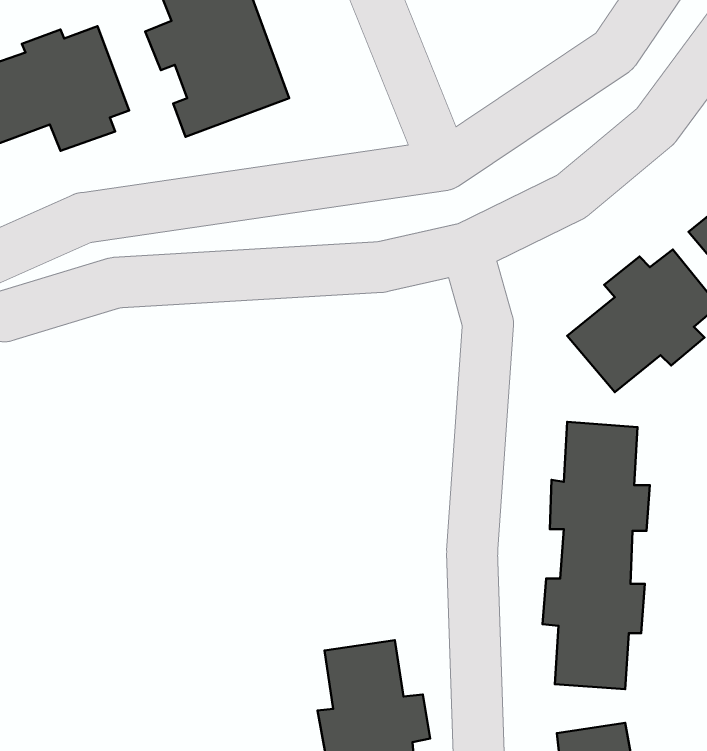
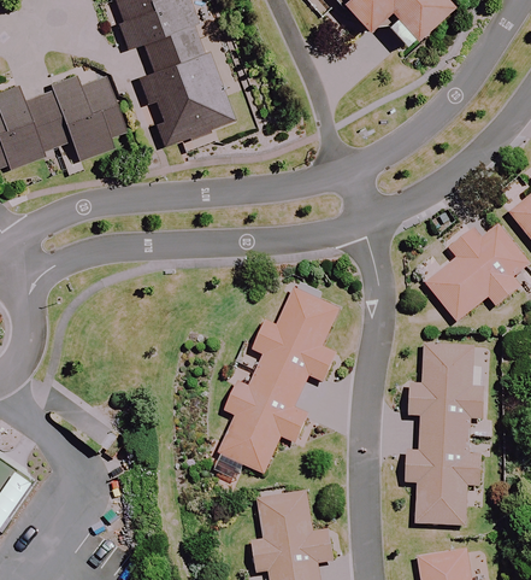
building: none -> [219,291,336,475]

